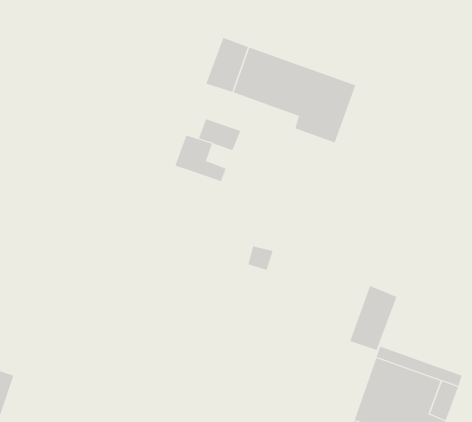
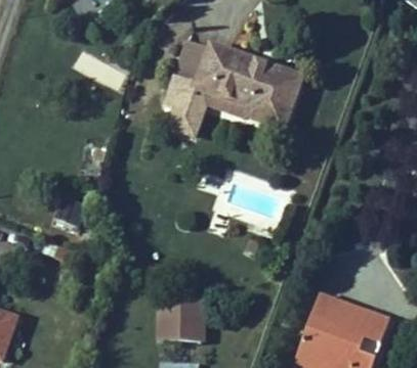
building: [175,135,227,182] -> [165,77,208,116]
building: [350,285,397,351] -> none
building: none -> [159,298,201,339]

